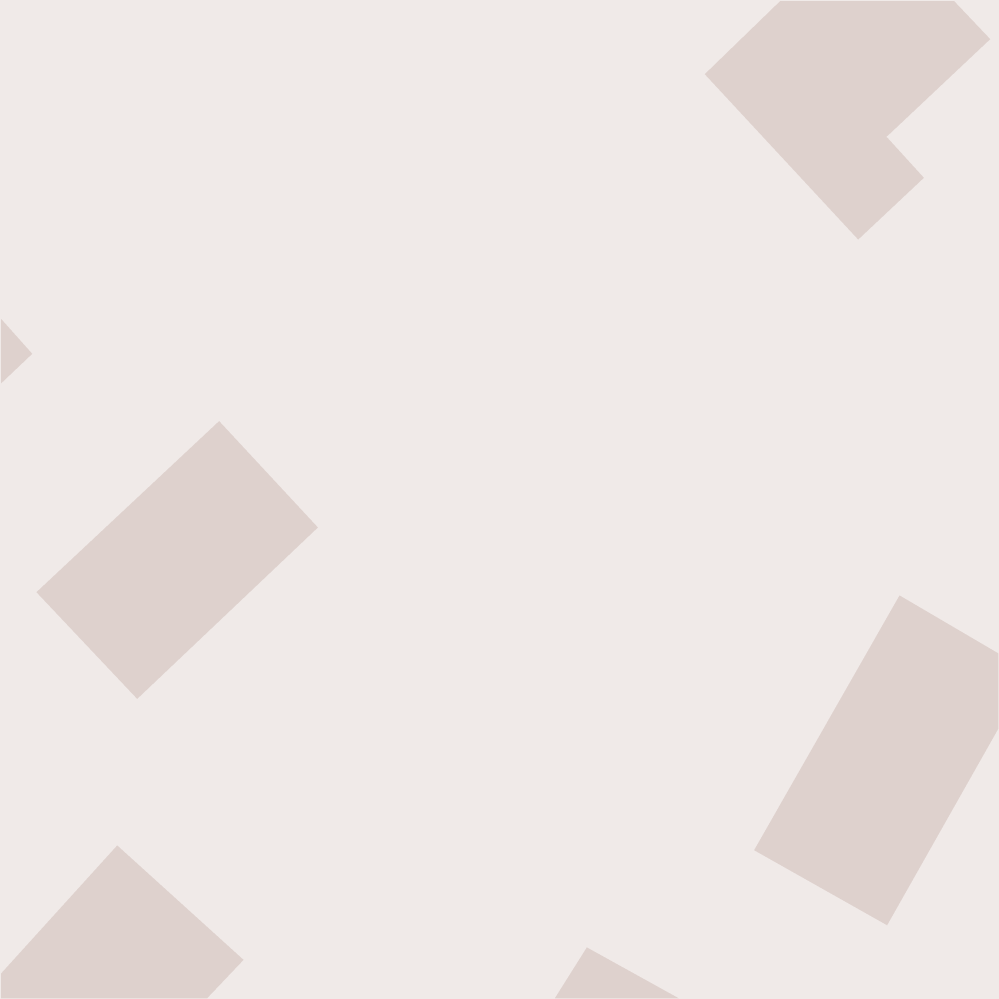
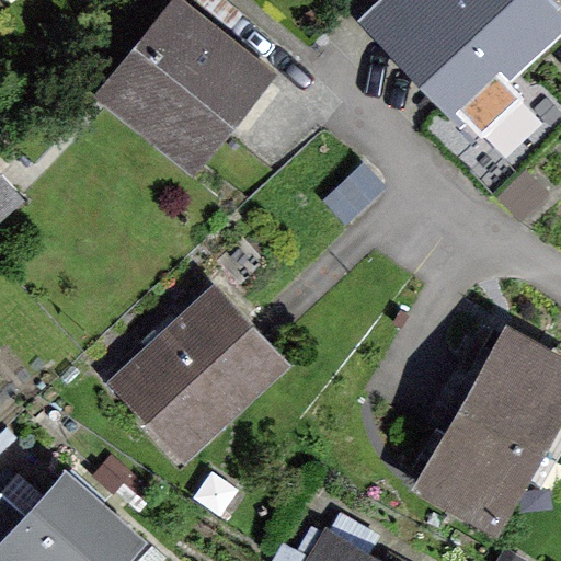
building: none -> [115,11,254,152]
building: [35,420,319,700] -> [115,288,274,445]

